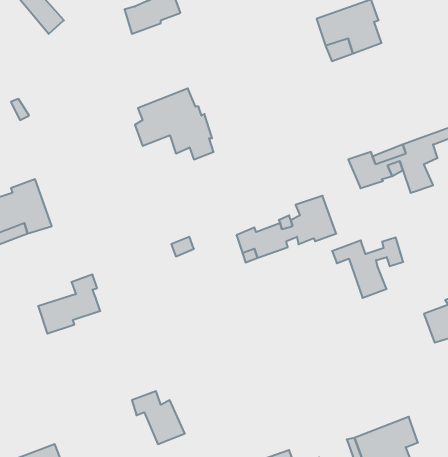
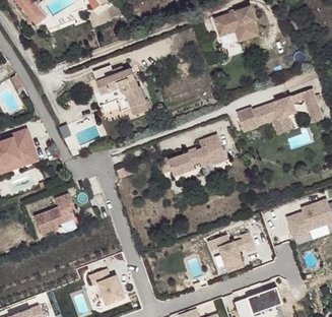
building: [332,237,403,298] -> [207,231,255,271]

